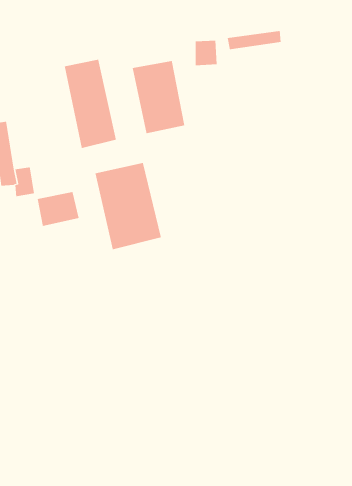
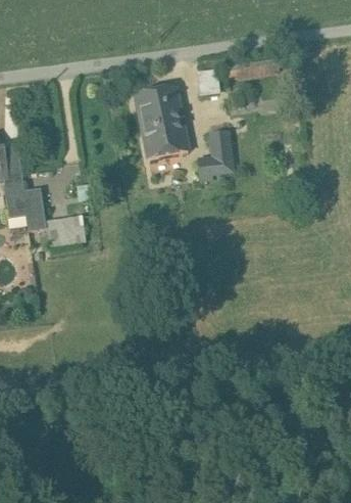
building: [64,59,116,149] -> none
building: none -> [199,131,235,181]
building: [95,162,161,250] -> none

